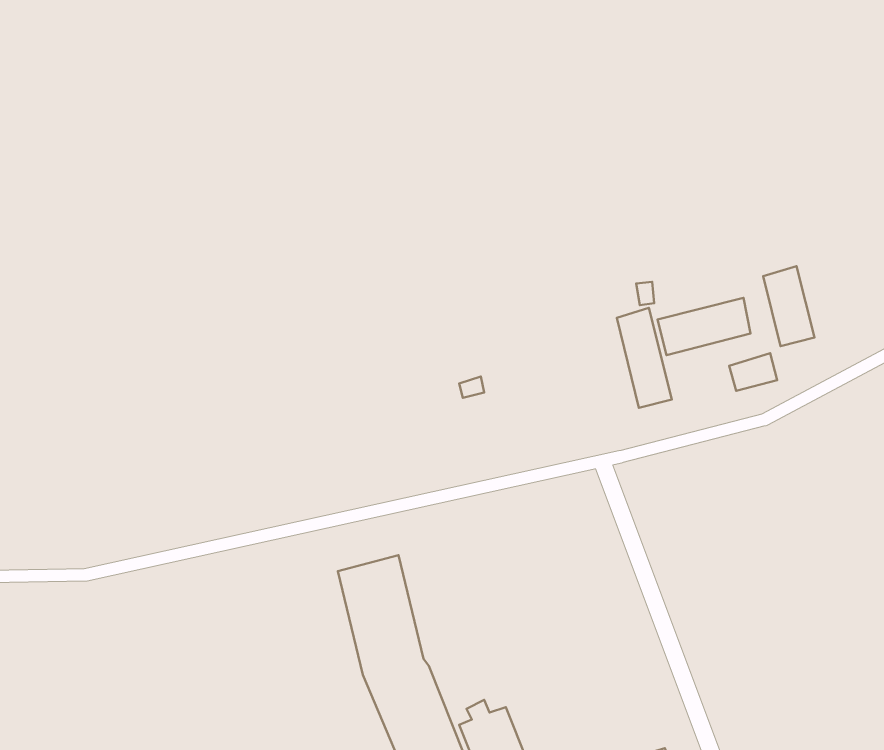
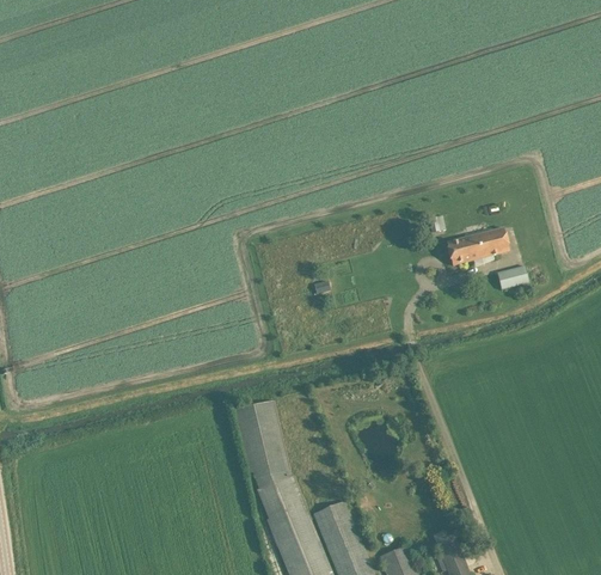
building: [763,266,814,346] -> none
building: [617,308,672,408] -> none

